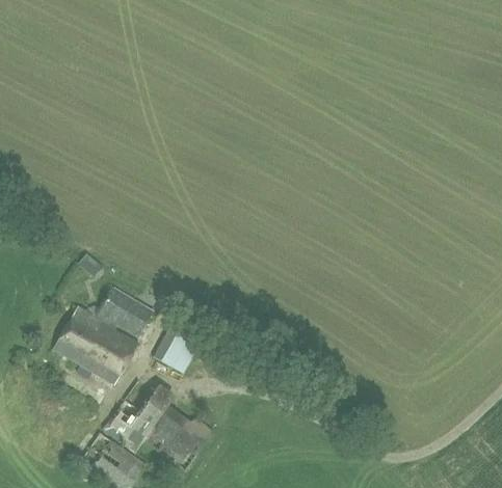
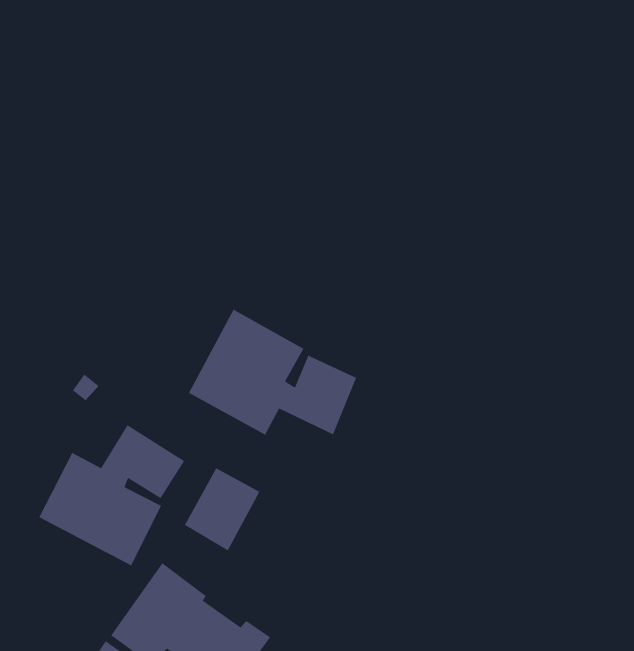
building: none -> [188,308,357,436]

